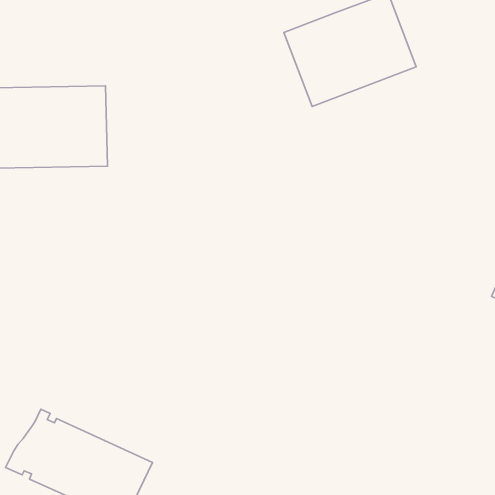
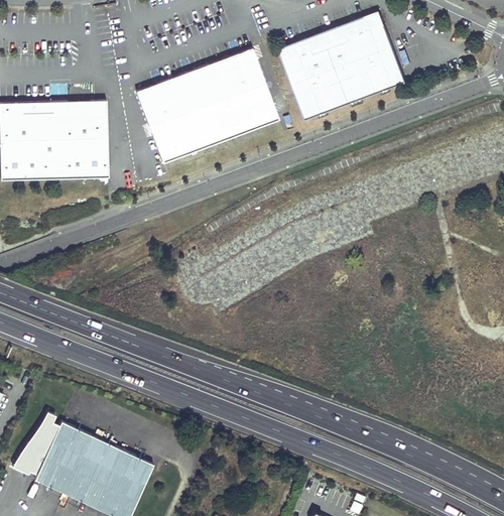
building: none -> [137,47,280,162]

